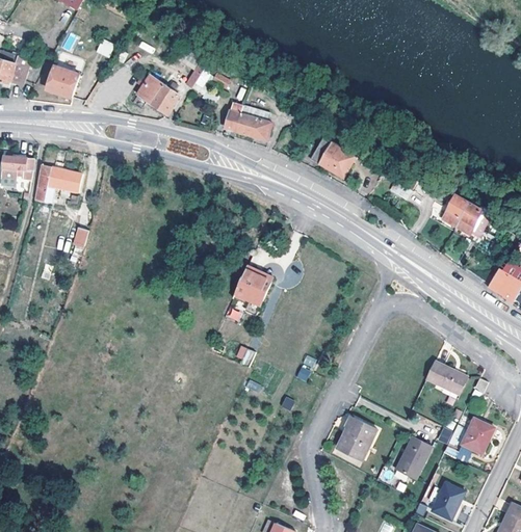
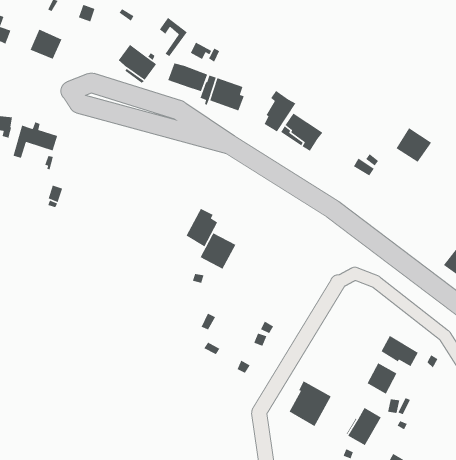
building: none -> [167,62,208,92]
building: none -> [263,90,297,133]
building: [443,196,480,233] -> [396,127,432,163]
building: none -> [186,208,218,247]
building: [463,419,494,452] -> [367,362,397,395]

